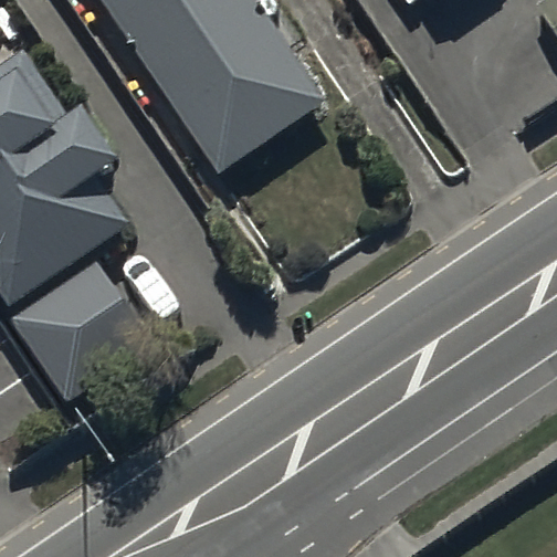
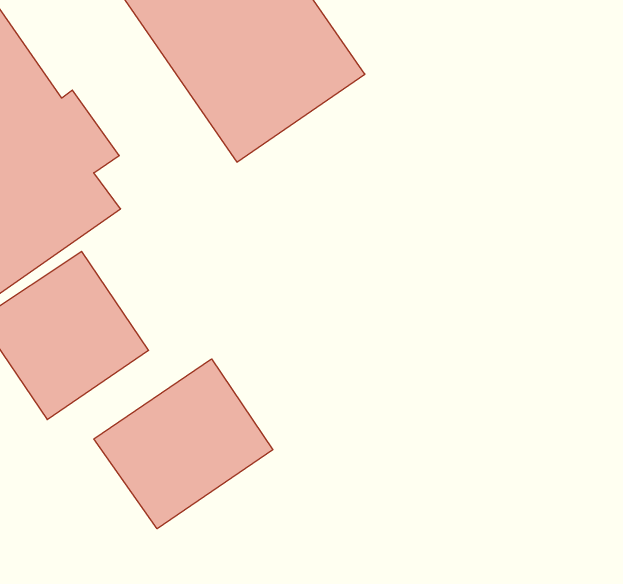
building: none -> [94,359,273,529]

